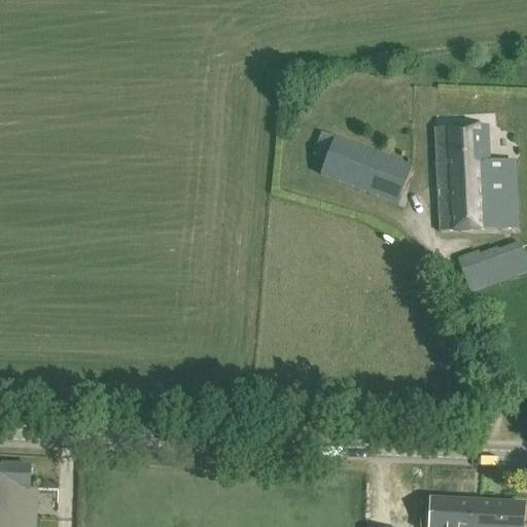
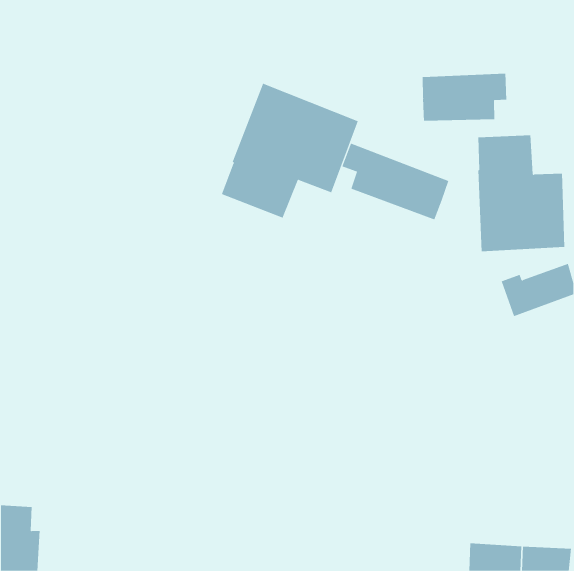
building: none -> [422,73,507,122]
building: none -> [221,83,358,218]

